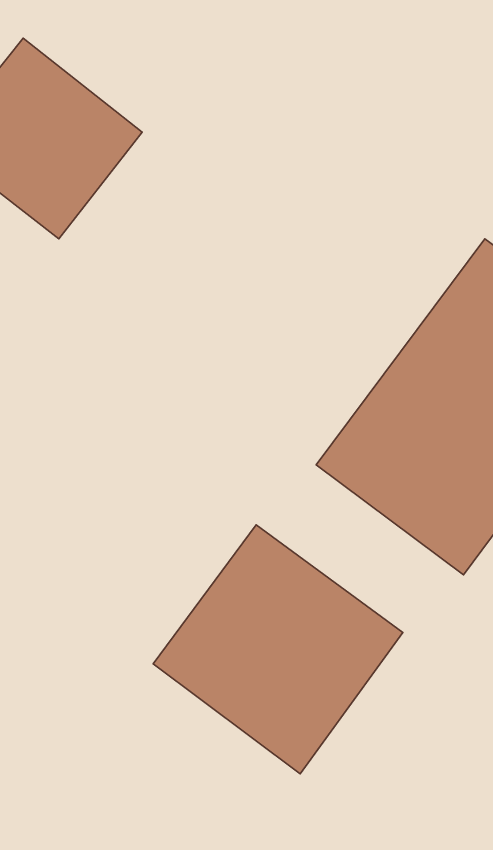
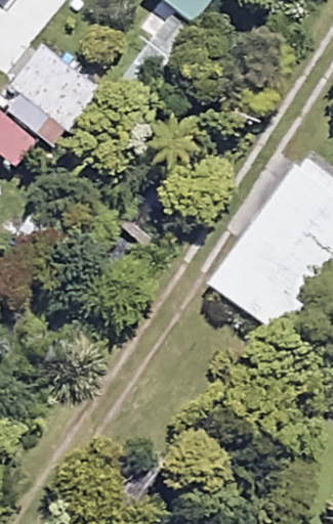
building: [153,525,403,774] -> none

